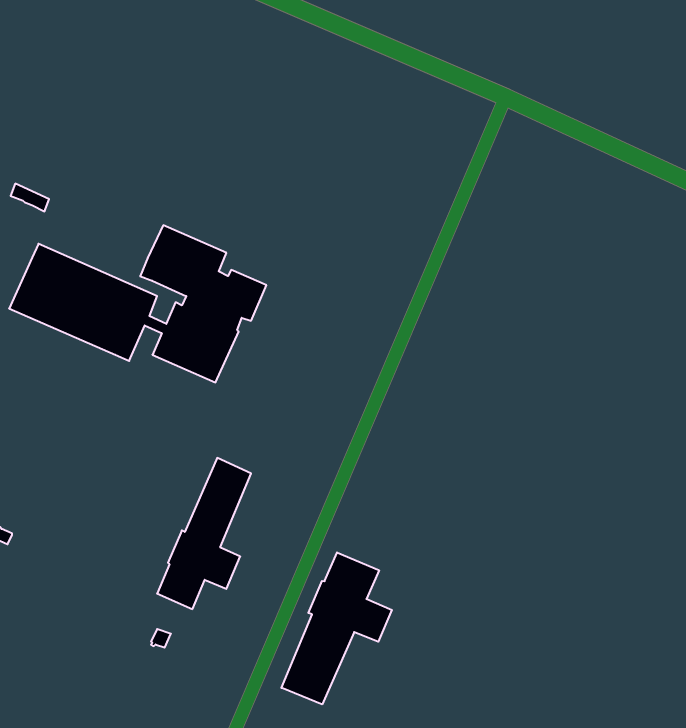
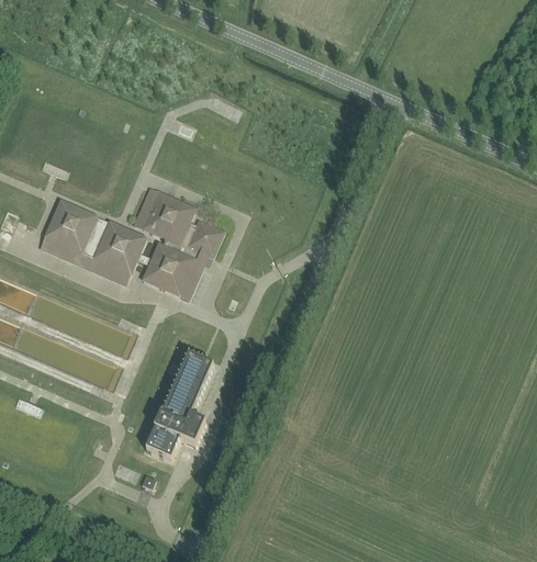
building: [281,552,392,704] -> none

